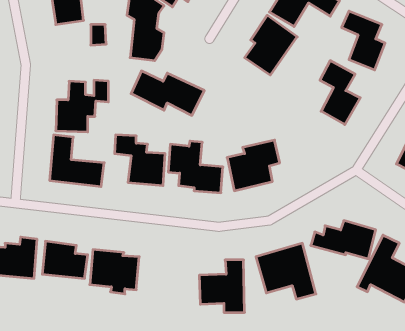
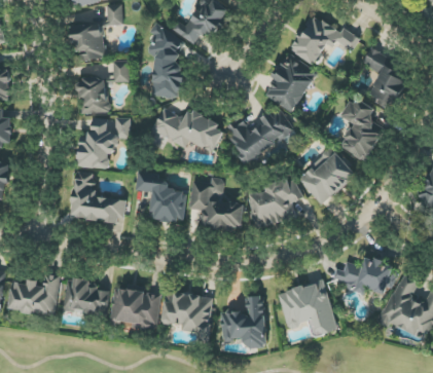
building: none -> [78,78,108,113]
building: none -> [224,107,295,165]
building: none -> [297,146,357,206]
building: none -> [163,292,213,342]

